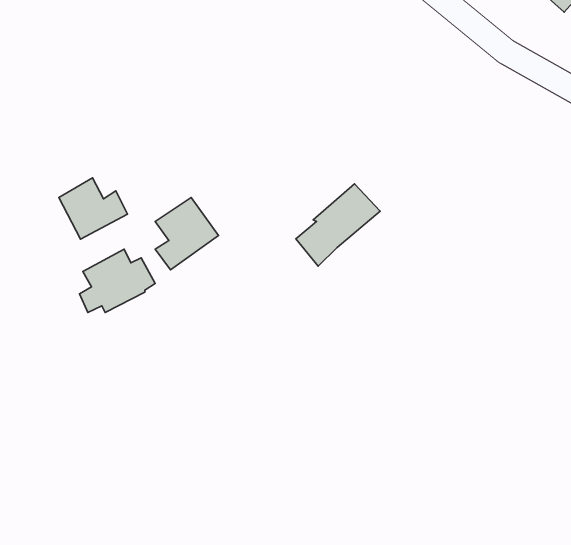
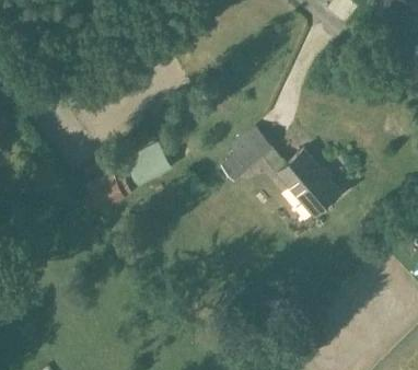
building: [59,178,128,239] -> none
building: none -> [278,151,341,217]

